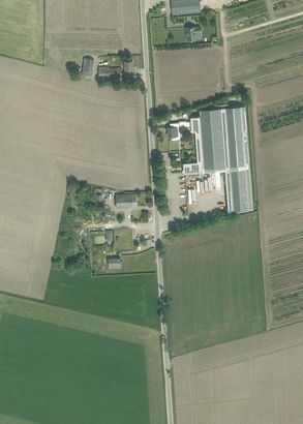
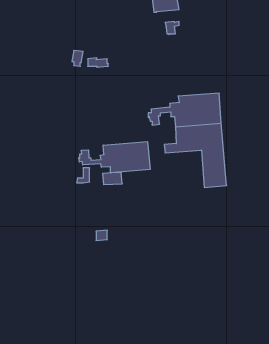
building: none -> [79,142,150,173]

